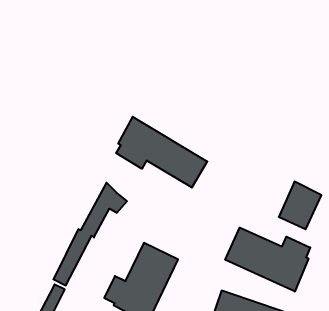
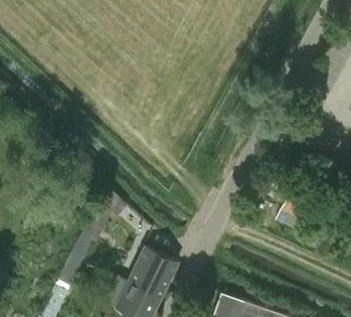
building: [116,117,207,188] -> none
building: [225,228,310,292] -> none

